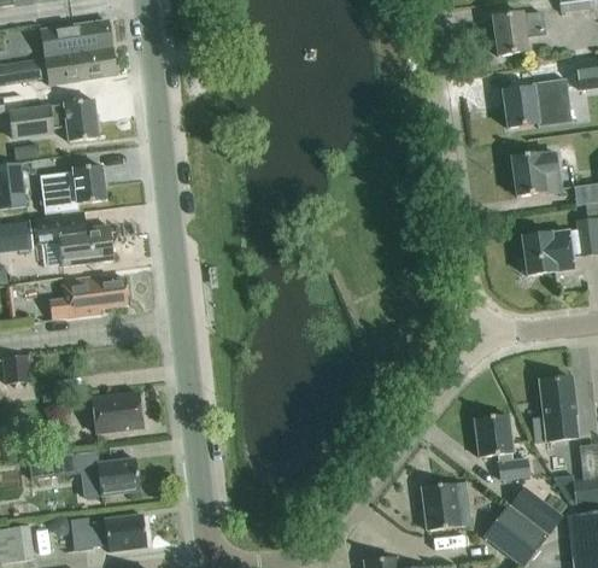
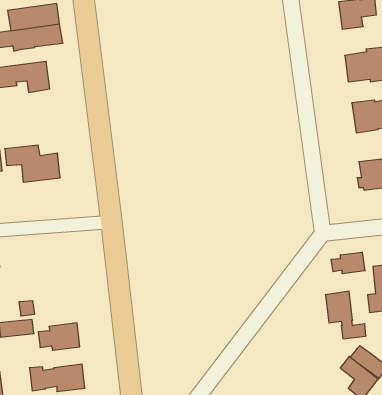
building: [40,164,105,212] -> none
building: [49,275,128,318] -> none
building: none -> [331,252,365,274]
building: [92,392,142,433] -> none
building: [422,481,469,531] -> none

